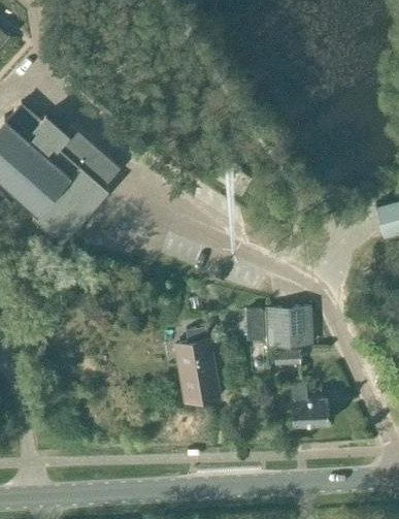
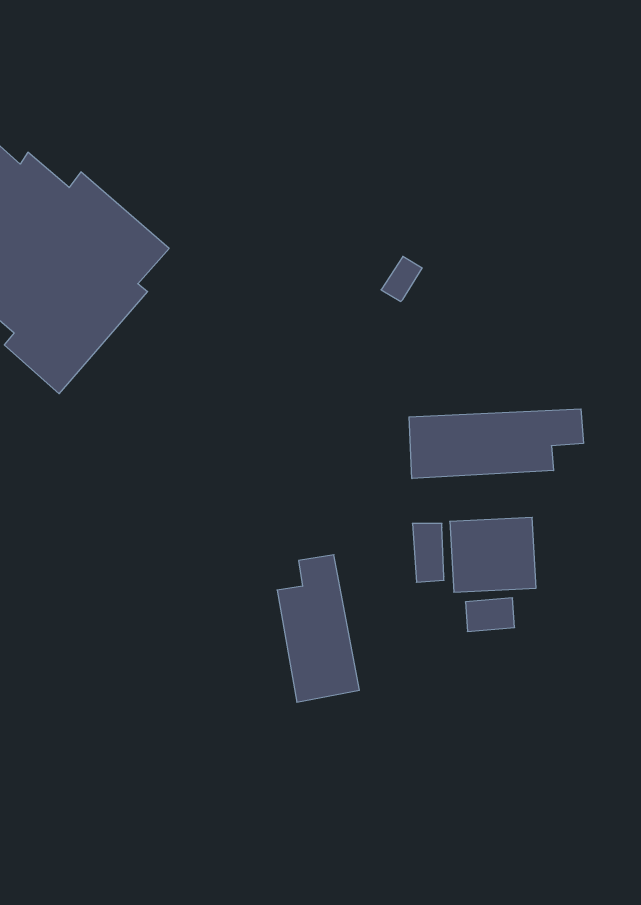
building: none -> [409,409,583,479]
building: [291,385,329,427] -> none

